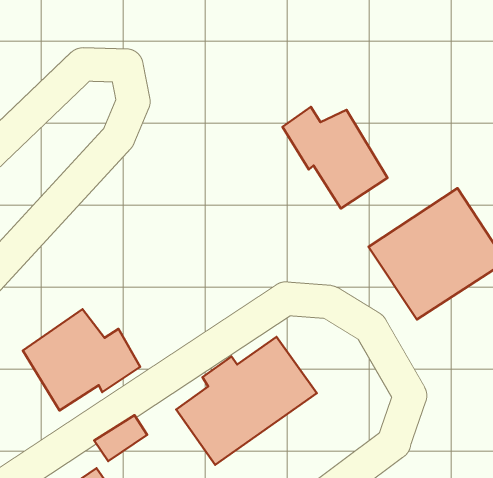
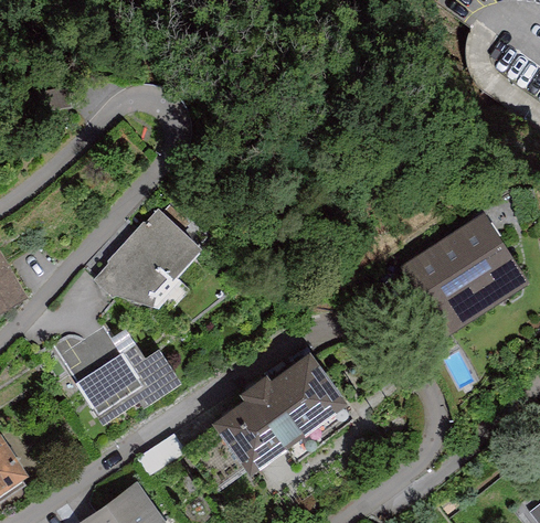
building: [283,107,387,209] -> none
building: none -> [93,207,201,309]

